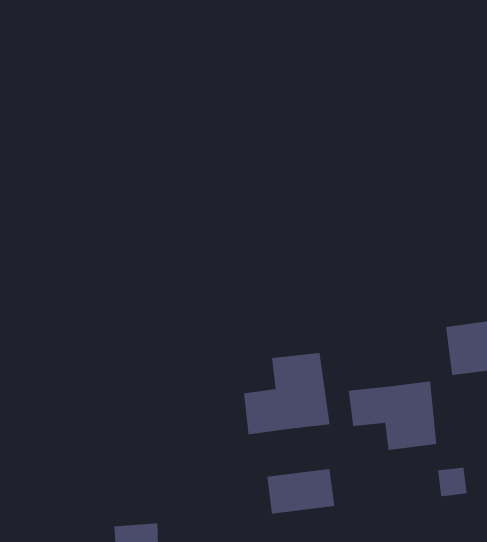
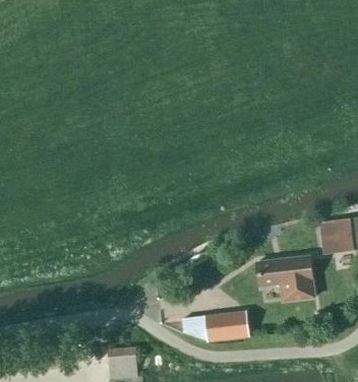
building: [243,352,330,435] -> none

